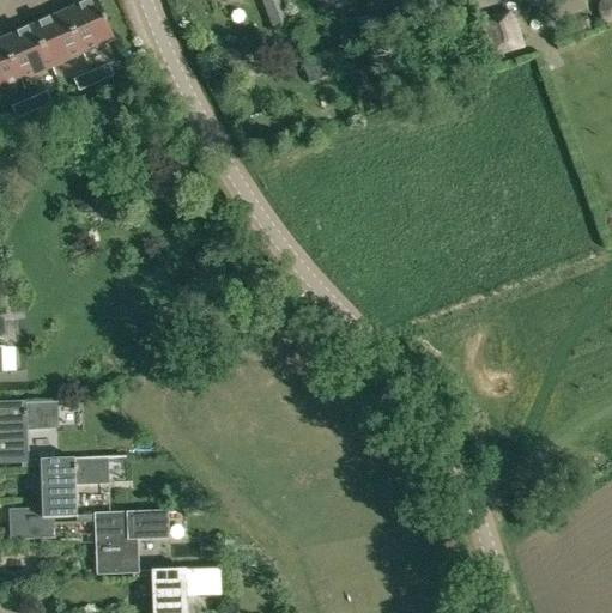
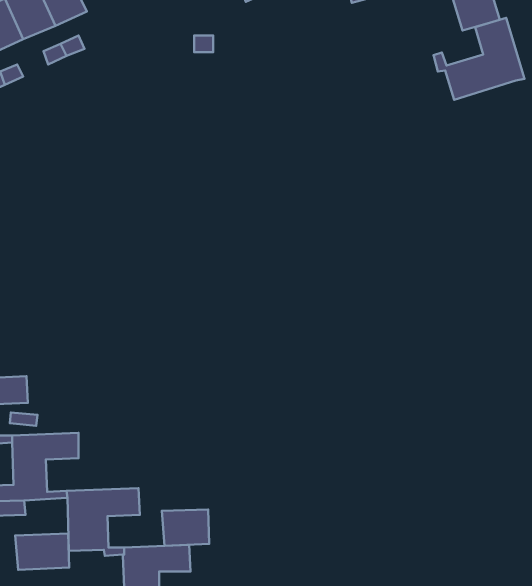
building: none -> [434,18,525,100]
building: none -> [162,509,209,546]
building: none -> [15,534,69,570]

